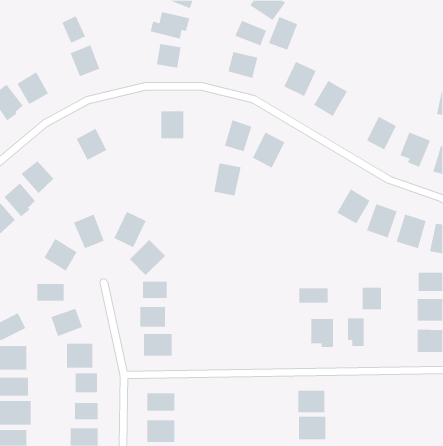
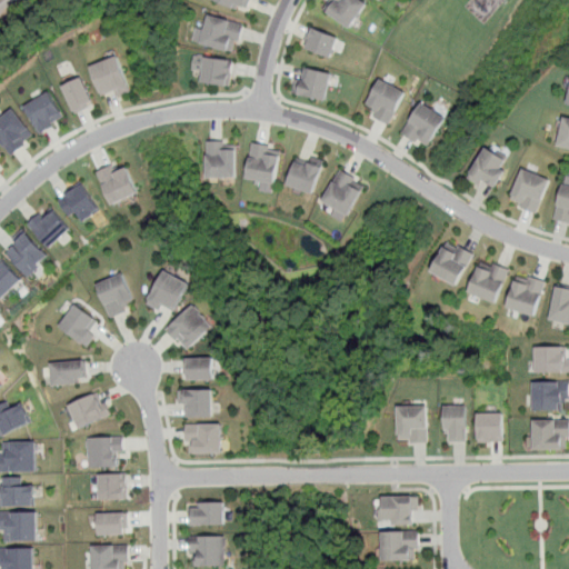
building: [61,15,86,43] -> [61,78,92,113]
building: [268,16,298,51] -> none
building: none -> [57,183,98,220]
building: [214,163,241,196] -> [244,141,280,183]
building: [362,287,382,310] -> [476,412,501,441]
building: [299,287,328,304] -> none

